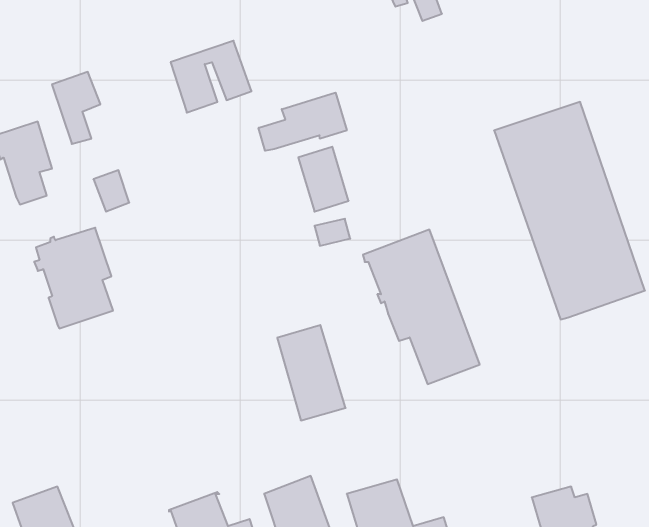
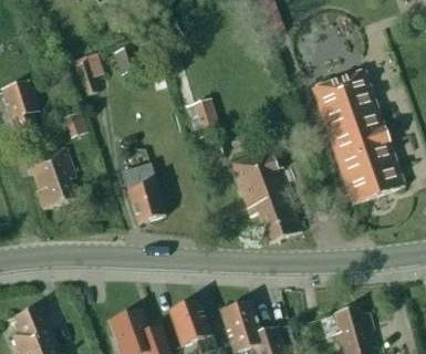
building: [52,72,100,144] -> [74,51,104,95]
building: [259,93,347,151] -> none
building: [277,325,346,420] -> [123,164,165,222]

